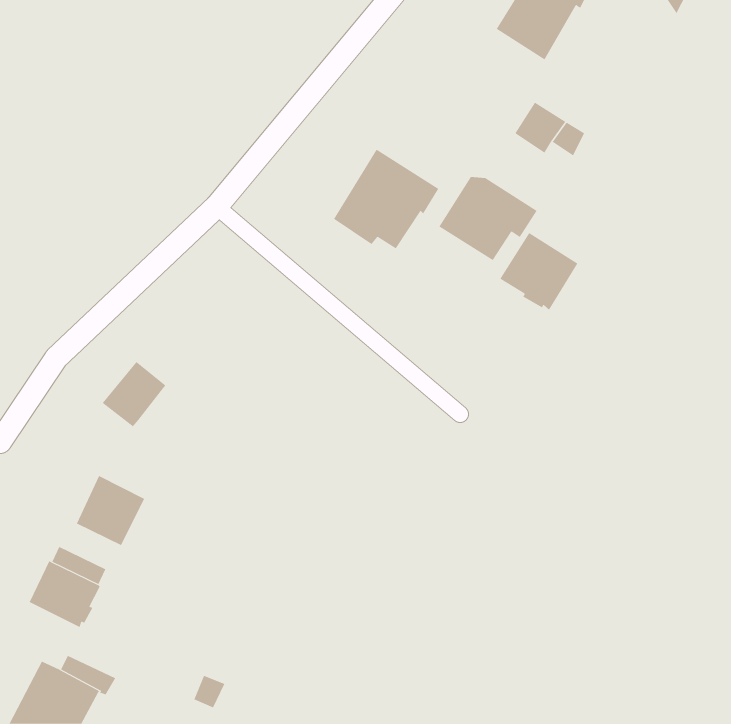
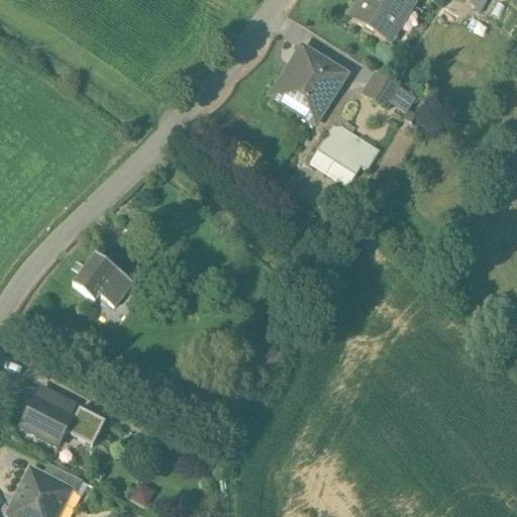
building: [333,149,439,249] -> [272,45,346,116]
building: [500,232,578,311] -> none
building: none -> [99,272,132,307]
building: [76,475,145,546] -> none

